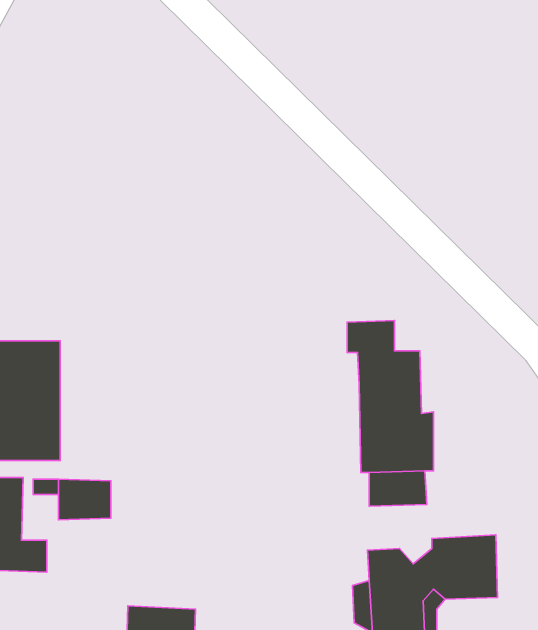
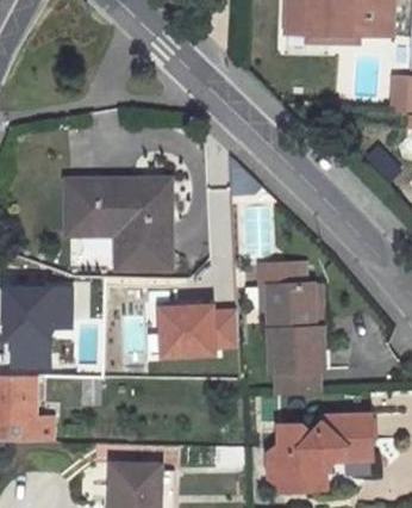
building: none -> [64,182,166,266]
building: none -> [161,301,238,353]

